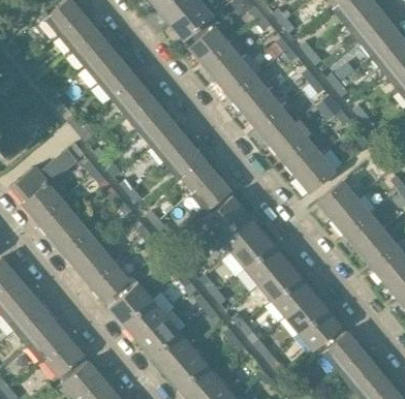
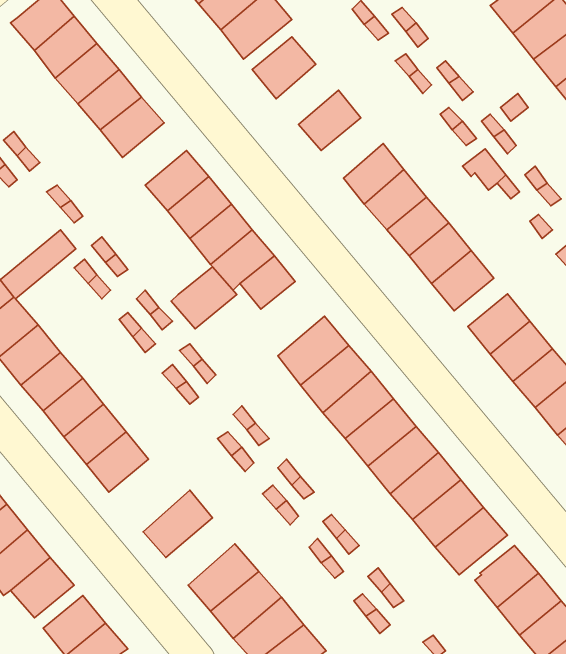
building: [204,43,241,80] -> none
building: [230,75,268,112] -> none
building: [112,79,150,116] -> none
building: [190,174,229,211] -> [171,267,237,329]
building: [110,282,152,324] -> none
building: [137,315,179,356] -> none

